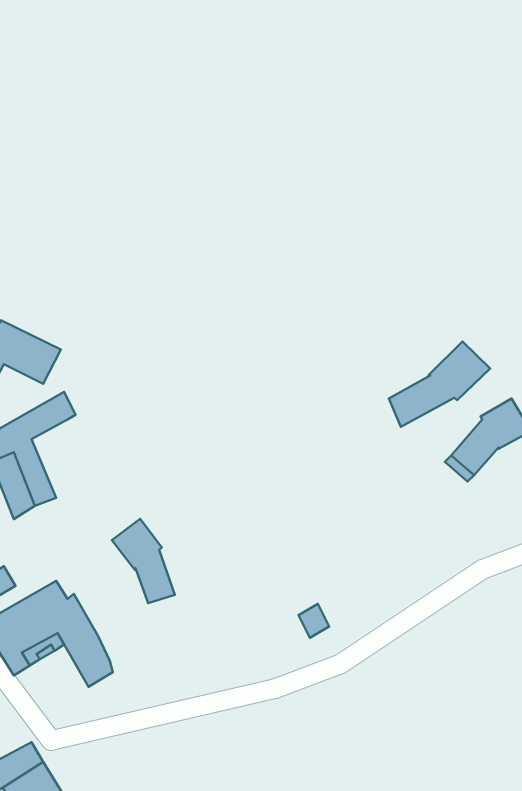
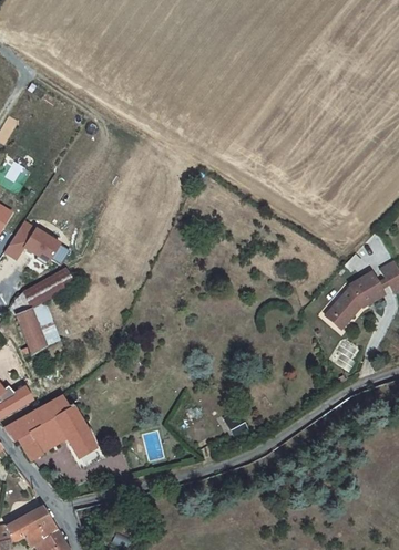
building: [389,342,490,427] -> none
building: [112,519,175,603] -> none

